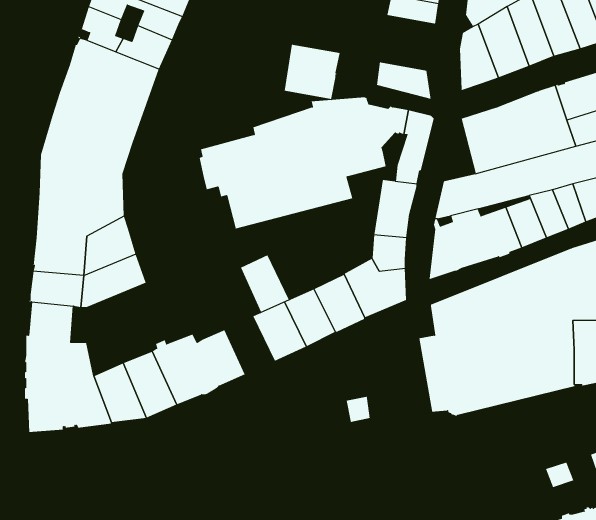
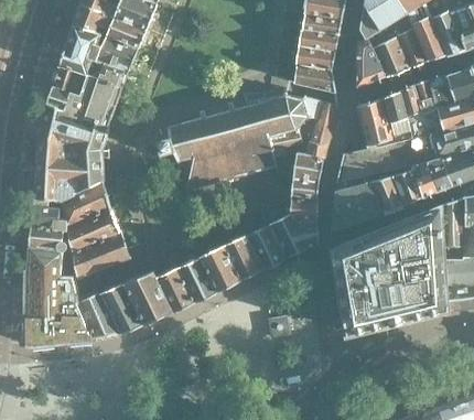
building: [284,44,341,99] -> [295,28,338,69]
building: [240,254,290,313] -> [179,256,216,300]
building: none -> [74,230,130,277]

